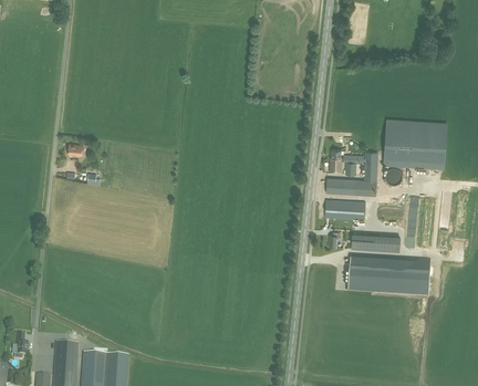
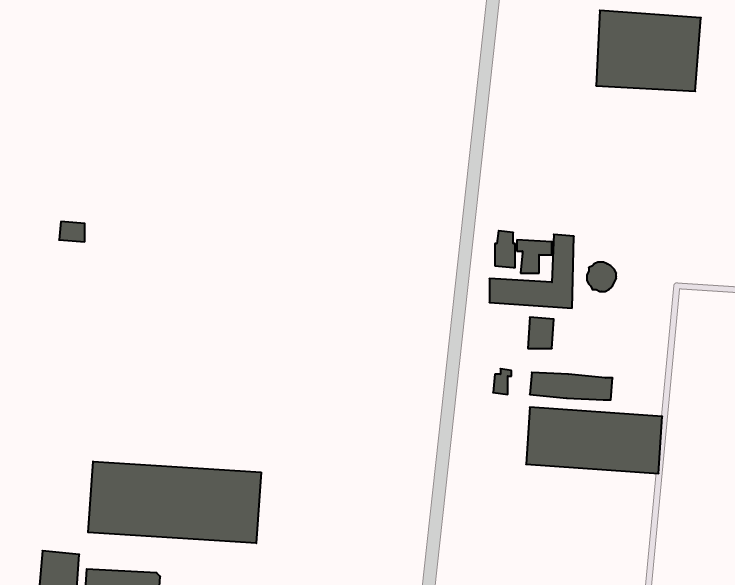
building: [383,118,446,167] -> [596,10,701,91]
building: [324,198,350,219] -> none
building: none -> [88,461,261,543]

